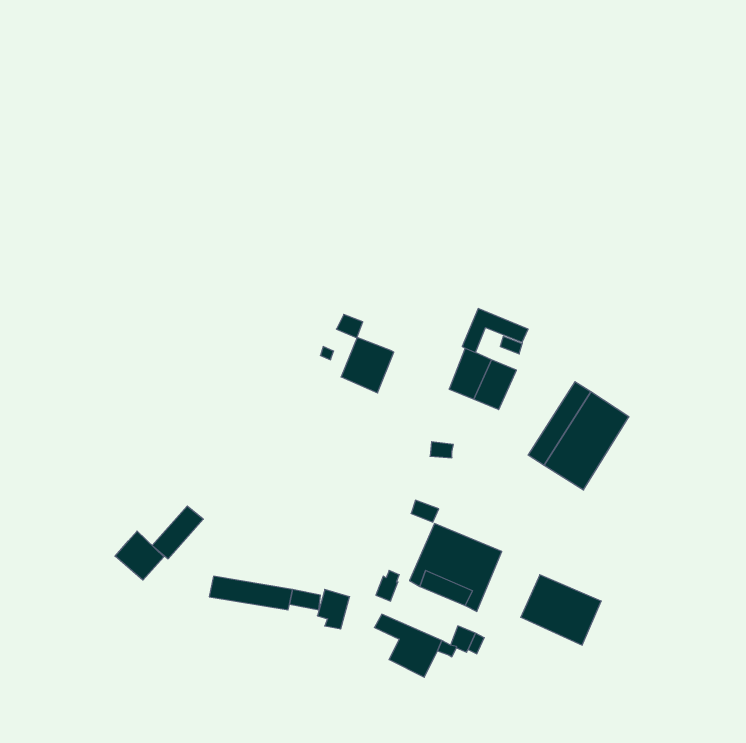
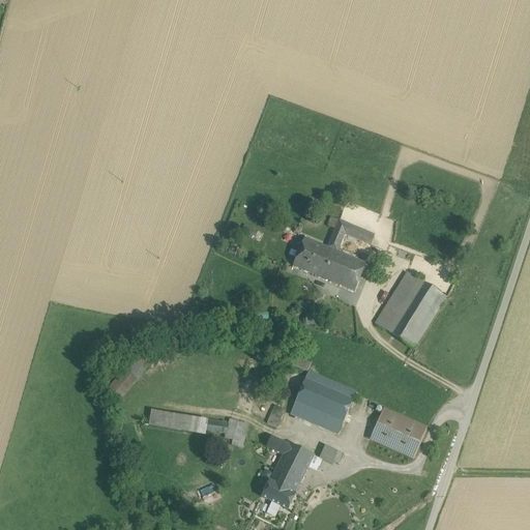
building: [341,337,394,393] -> [292,236,329,275]
building: [115,531,164,580] -> none
building: none -> [261,467,300,507]

